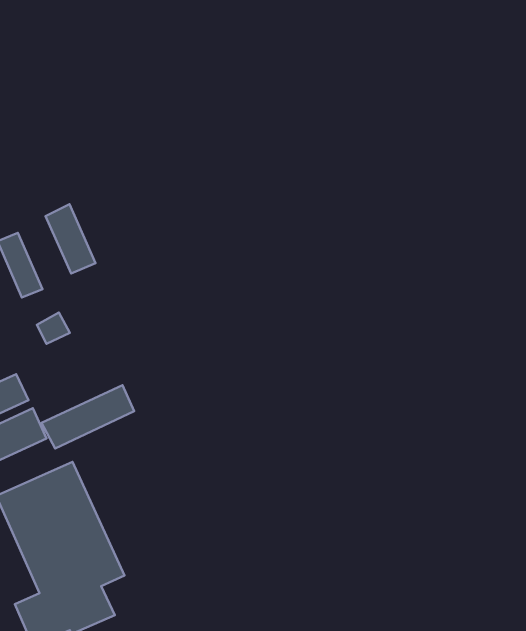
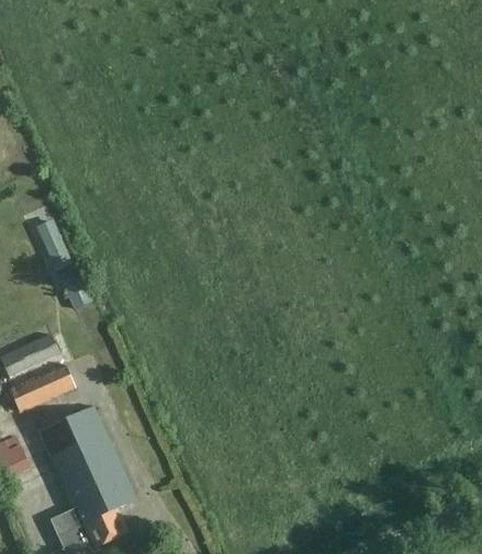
building: [45,204,96,274] -> none
building: [41,385,134,448] -> none

